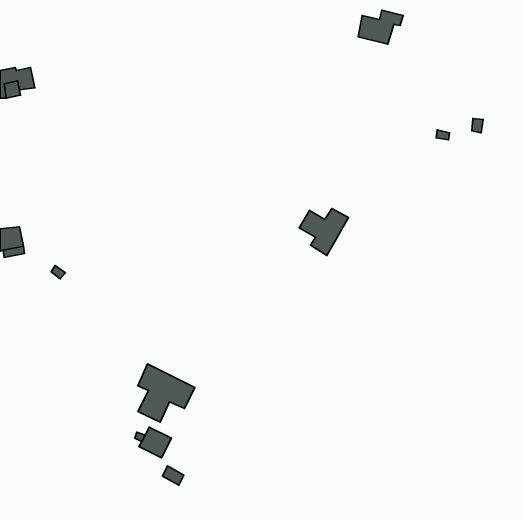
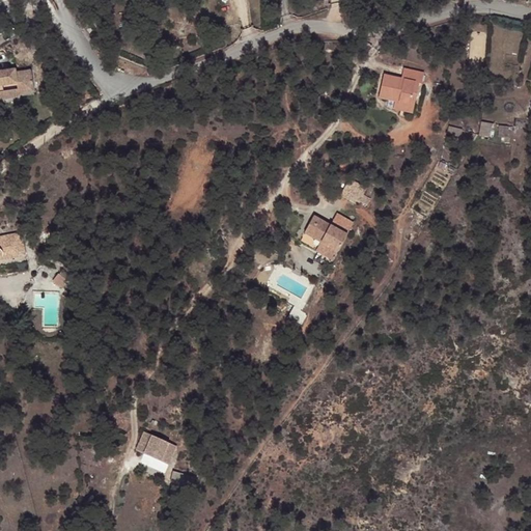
building: [358,10,403,44] -> [376,71,422,105]
building: [138,364,195,422] -> none

